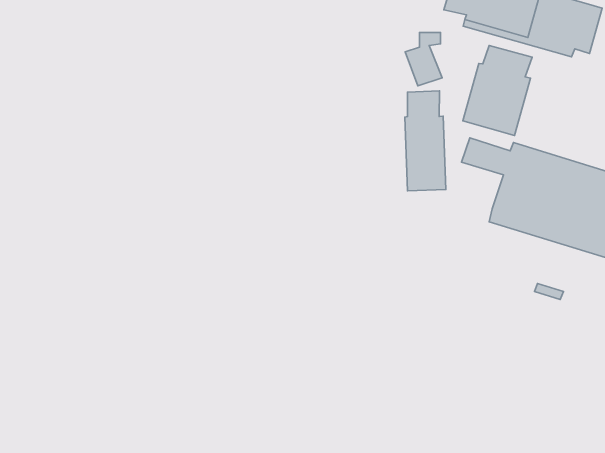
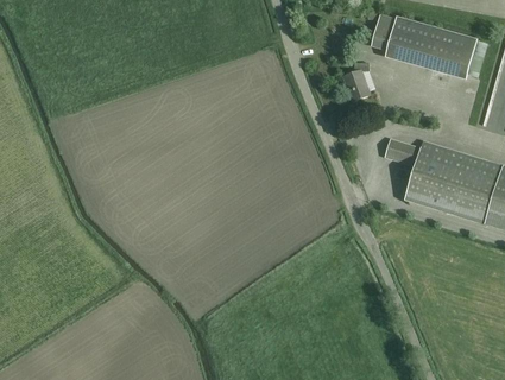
building: [463,45,532,136] -> none
building: [405,91,446,191] -> none

